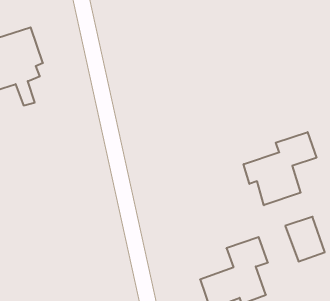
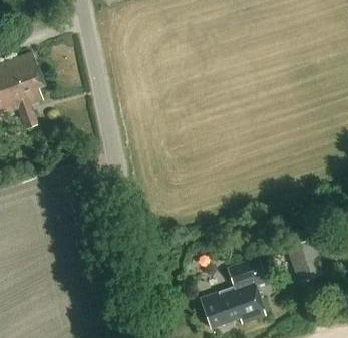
building: [244,132,316,205] -> none

